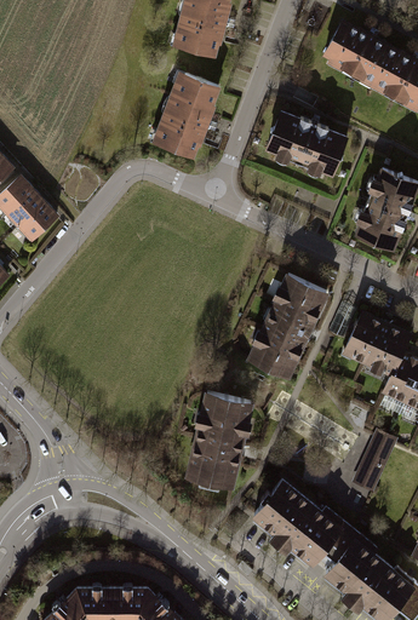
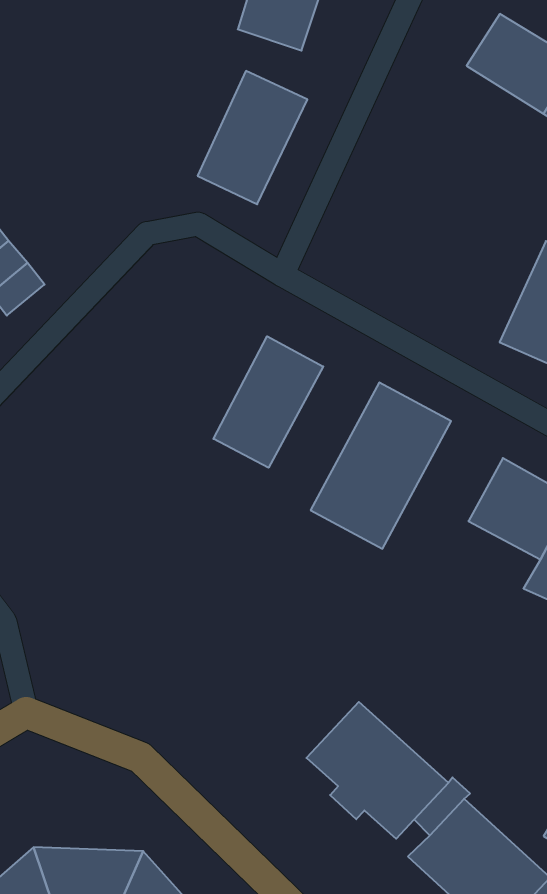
building: [264,114,347,177] -> none
building: none -> [213,336,323,468]
building: [181,389,250,488] -> none
building: [349,431,395,493] -> none

